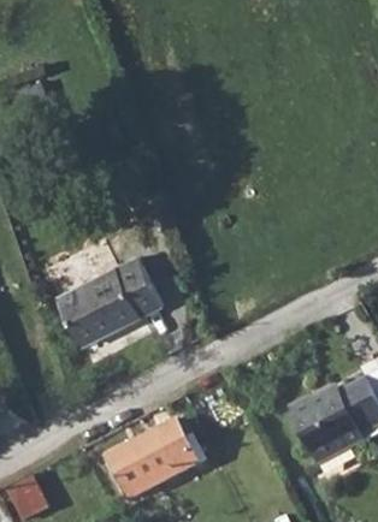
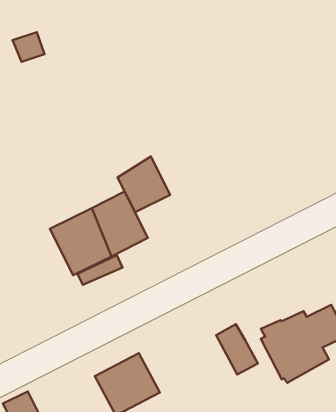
building: none -> [117,157,170,212]
building: [154,417,200,473] -> [216,324,258,375]

